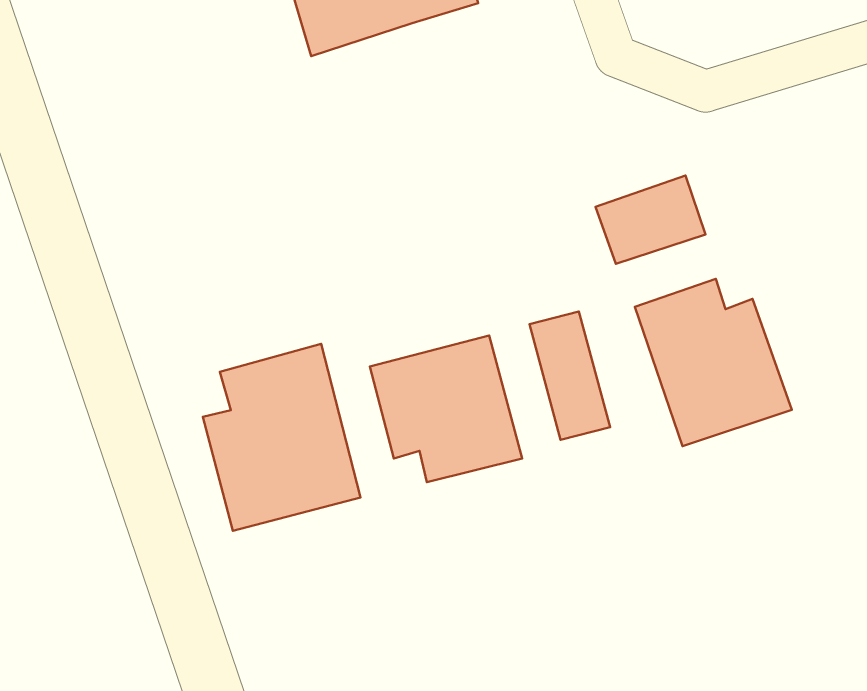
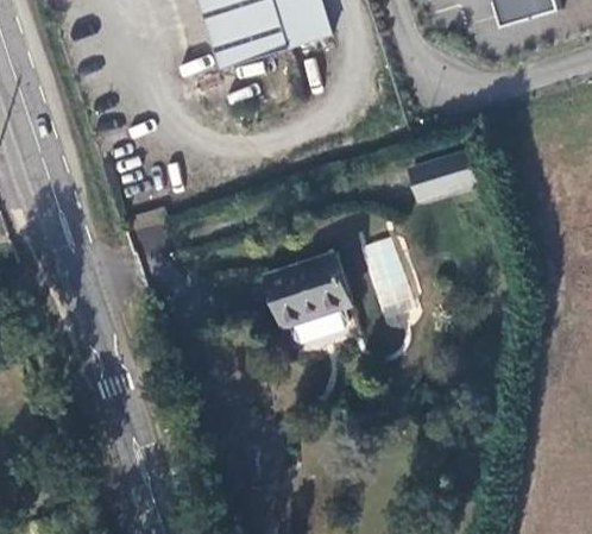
building: [635,279,792,446] -> none
building: [203,344,360,531] -> none

